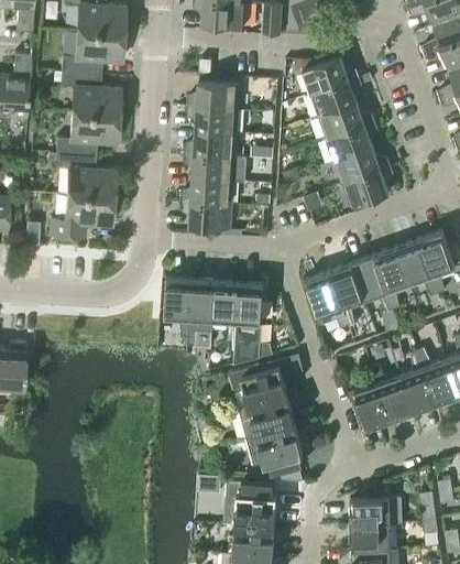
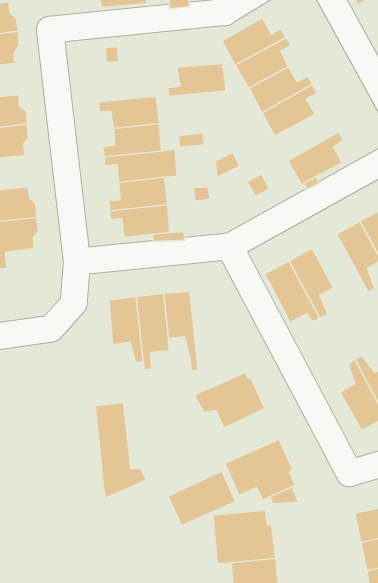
building: [187,82,239,109] -> [167,63,226,97]
building: [335,148,391,184] -> none
building: [351,254,393,312] -> none
building: [234,283,273,365] -> [95,402,147,498]
building: [237,395,295,437] -> [168,471,236,526]

